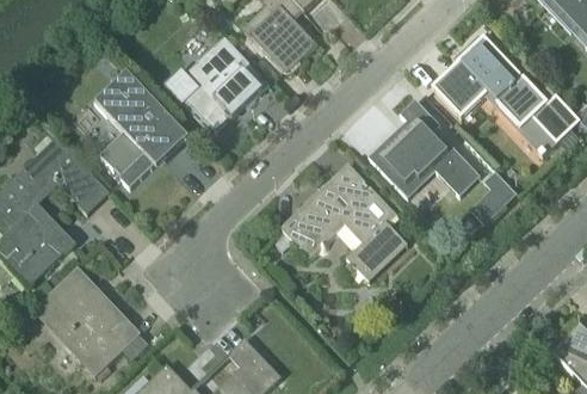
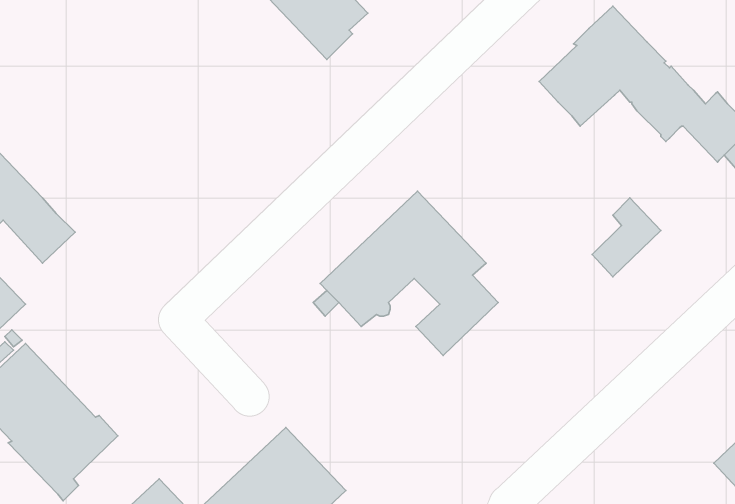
building: [184,36,270,130] -> none
building: [95,73,189,187] -> none
building: [367,99,477,193] -> none

